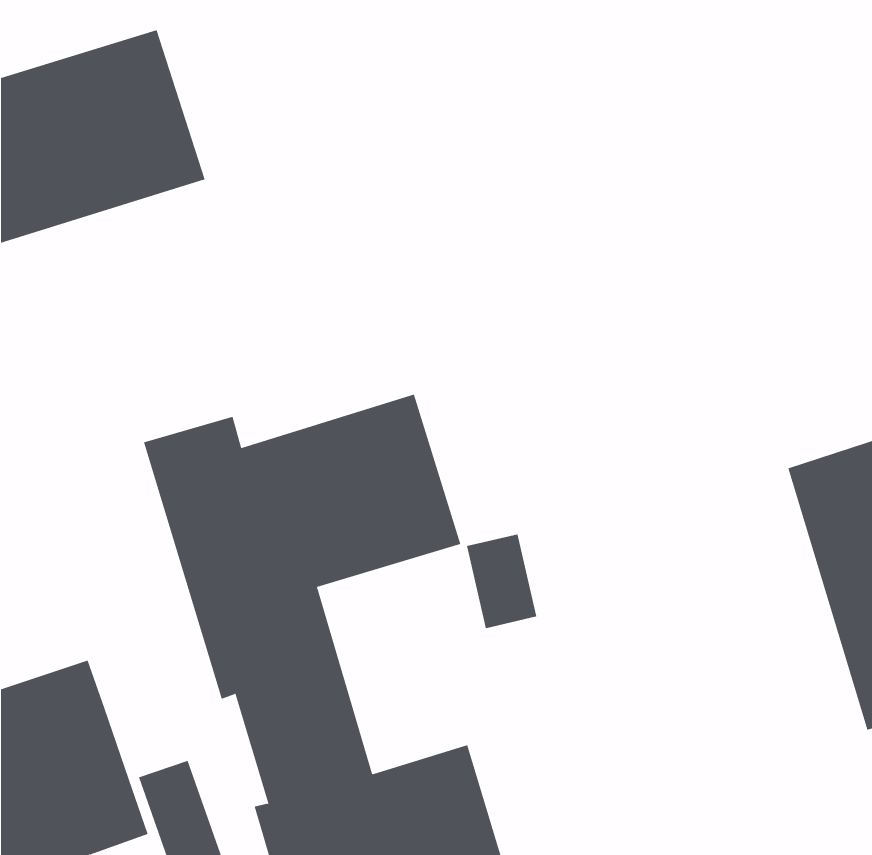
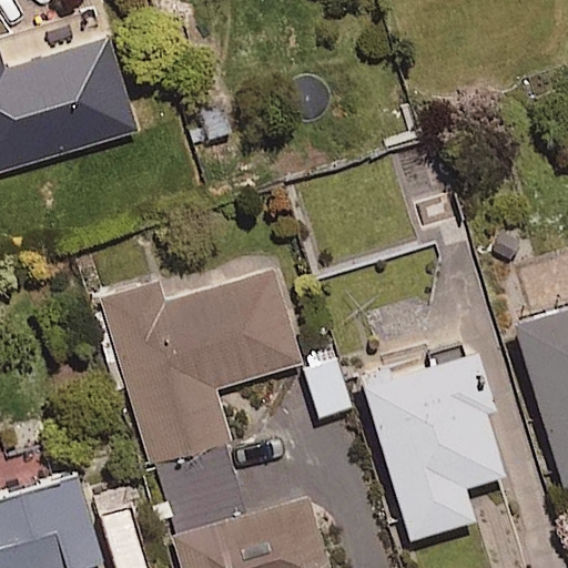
building: none -> [361,346,503,539]

